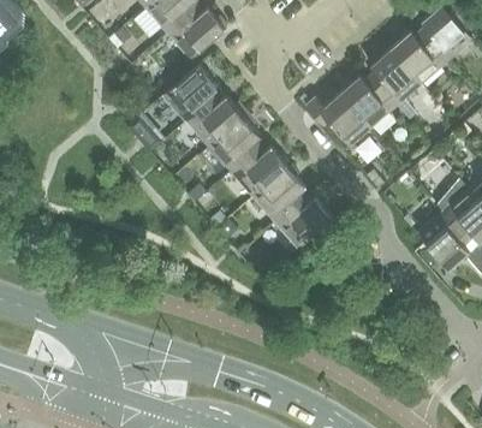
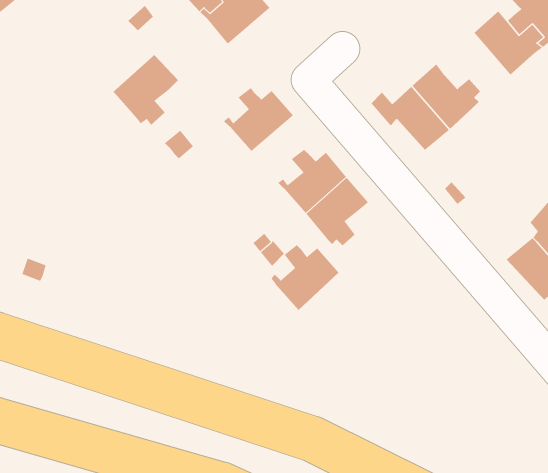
building: [368,50,421,107] -> none
building: [163,65,218,124] -> [112,54,179,126]
building: [209,118,261,174] -> none
building: [275,196,332,250] -> [270,245,340,311]

